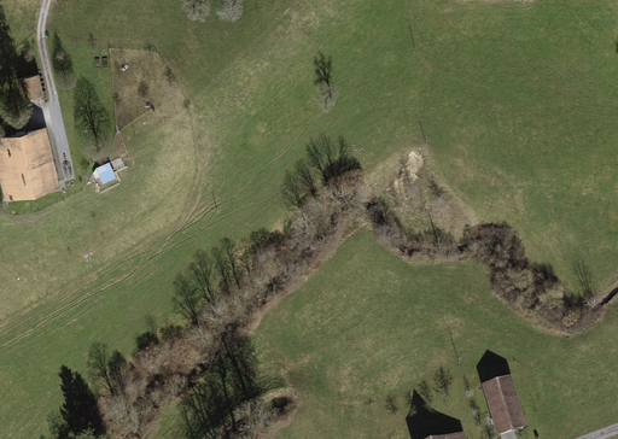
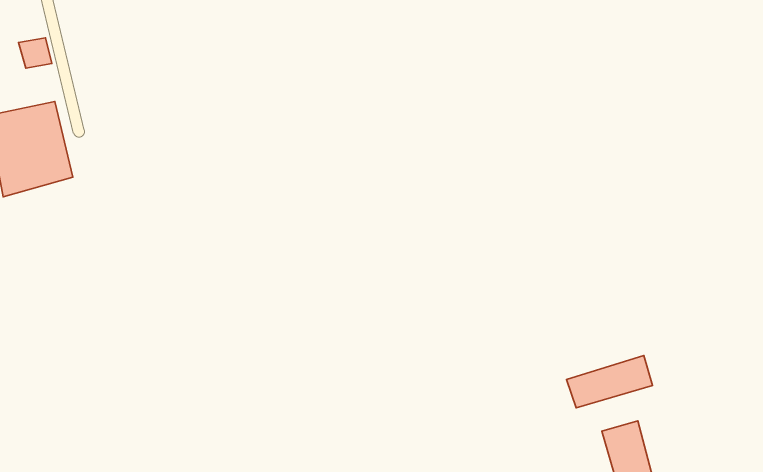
building: none -> [567,355,653,408]

